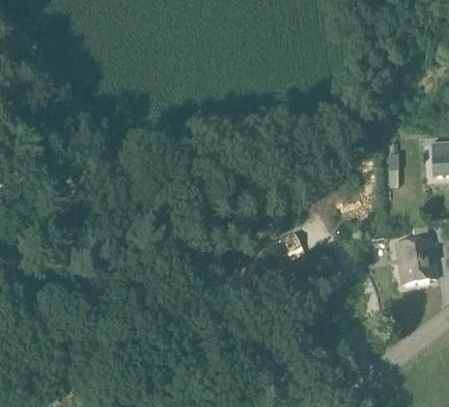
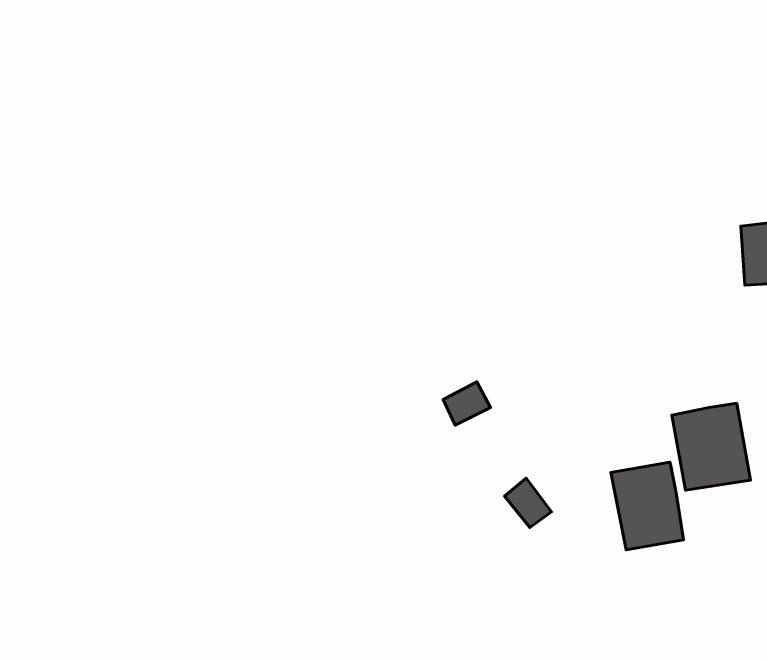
building: none -> [611,462,684,550]

